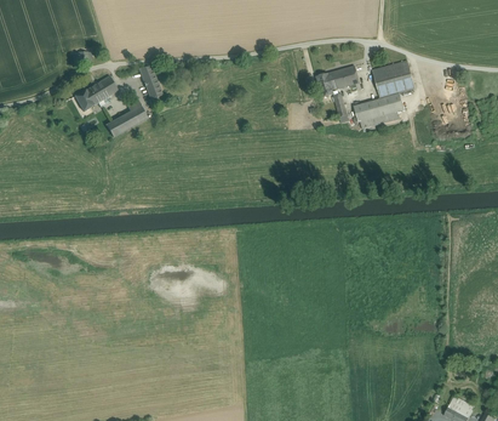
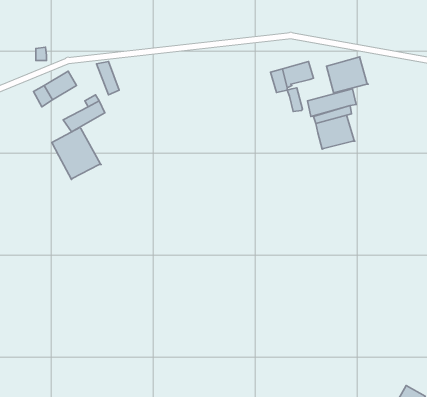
building: none -> [316,115,355,149]
building: none -> [52,127,101,179]

